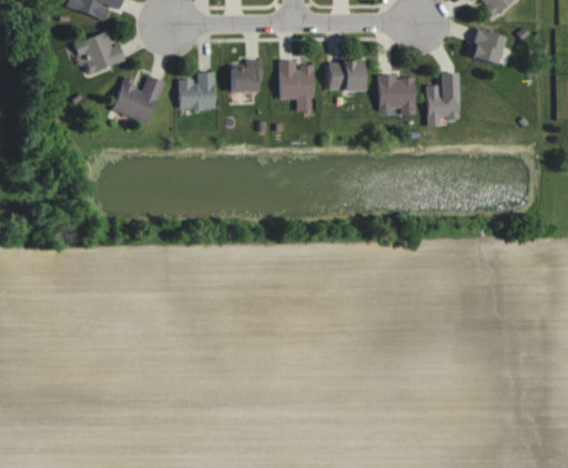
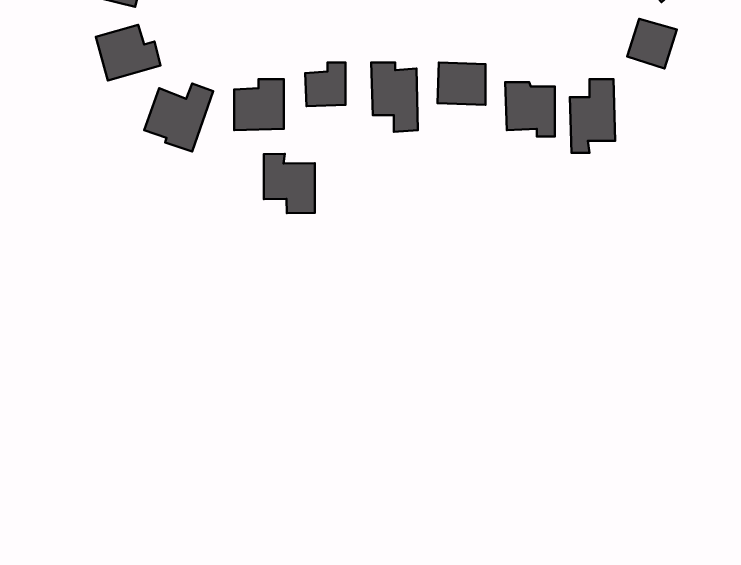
building: none -> [264,154,315,213]

